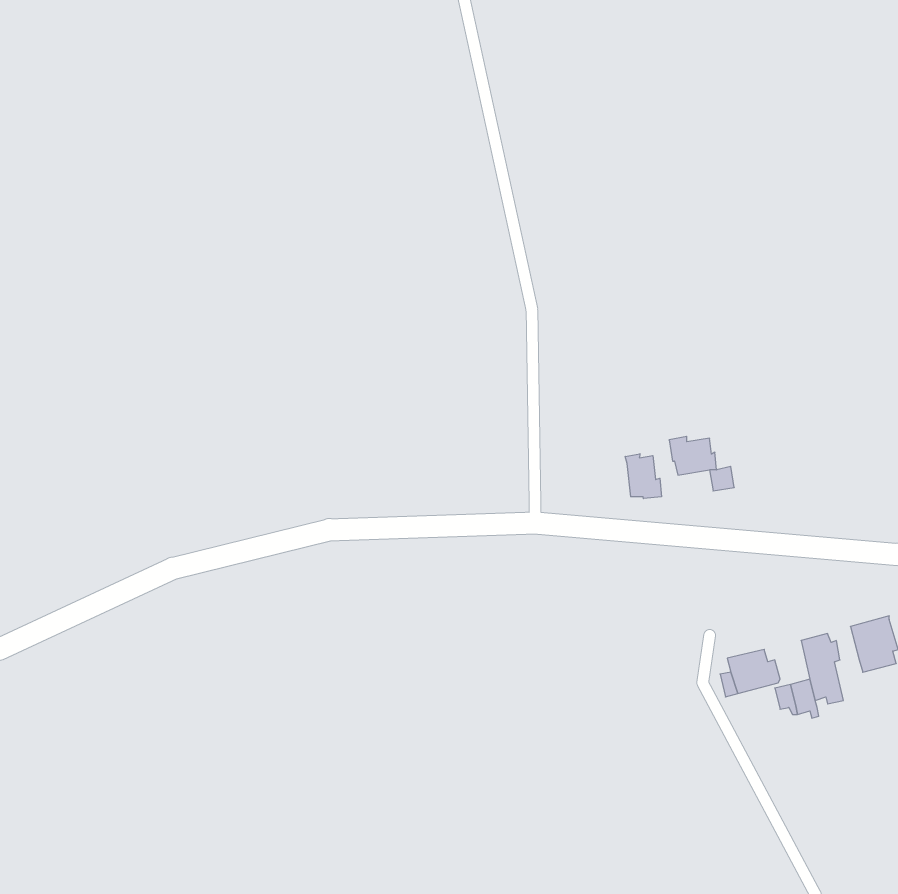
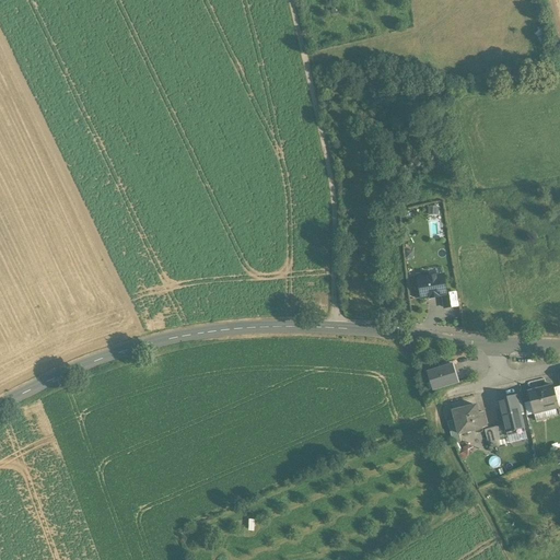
building: [625,454,661,499] -> none
building: none -> [427,362,457,388]

